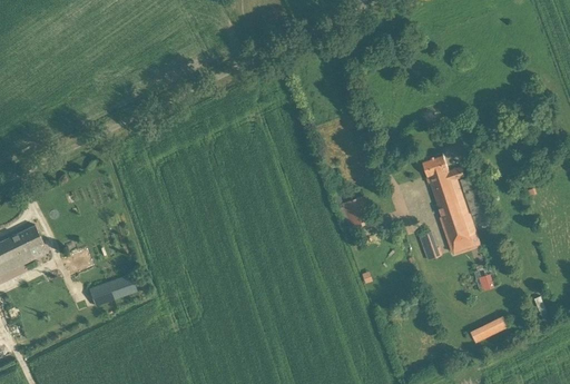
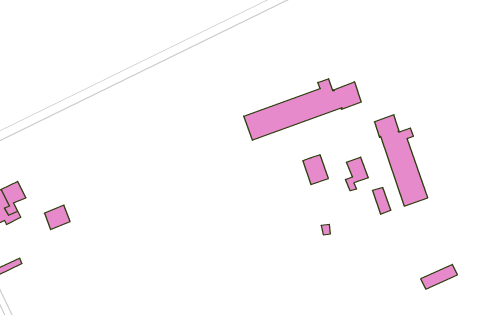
building: none -> [244,79,361,140]
building: none -> [346,157,368,191]
building: [88,275,136,306] -> none

